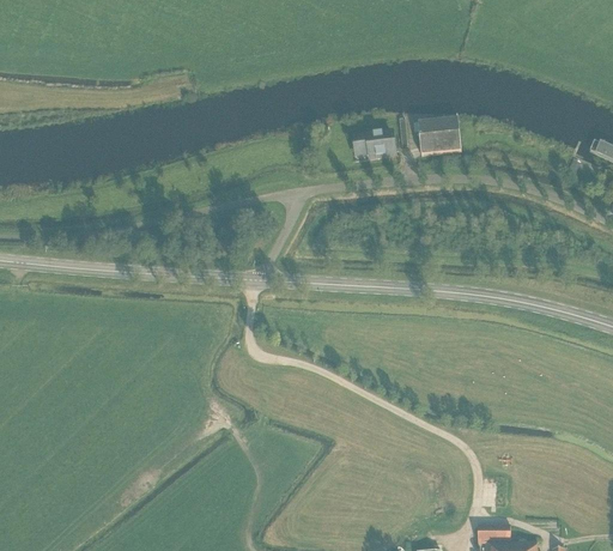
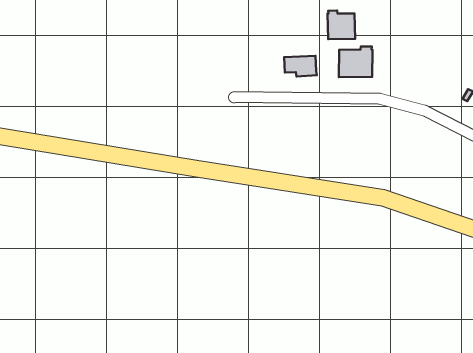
building: none -> [328,11,355,39]

